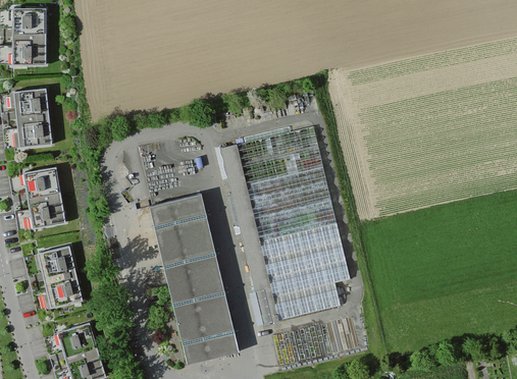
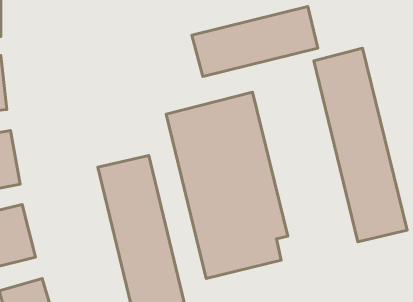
building: none -> [192,7,318,76]
building: none -> [314,48,407,242]

